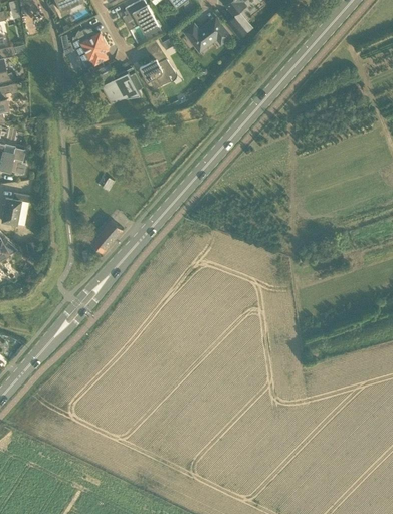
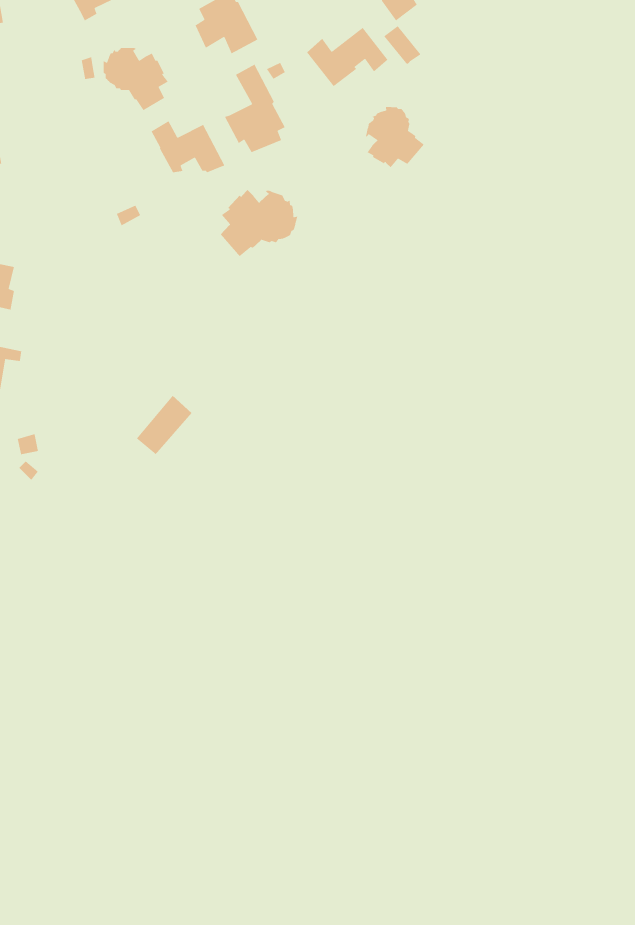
building: none -> [365,106,425,168]
building: none -> [220,189,299,257]

